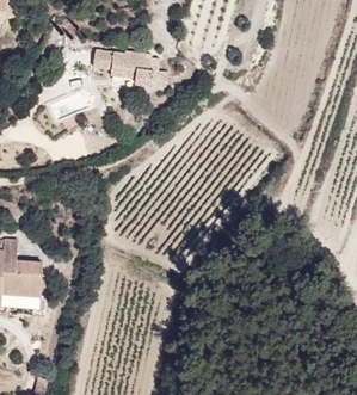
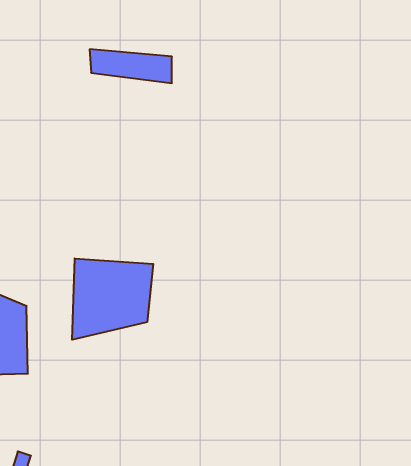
building: none -> [72,258,153,340]

